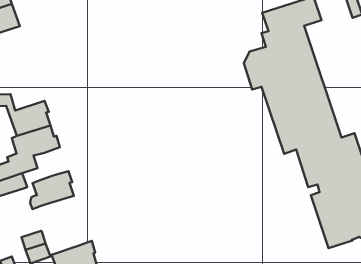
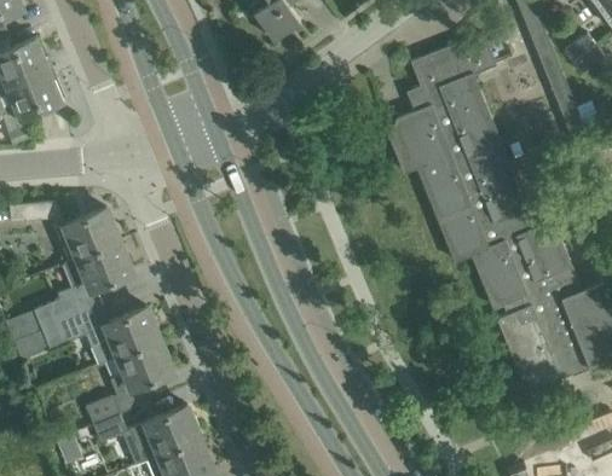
building: none -> [110,342,174,395]

